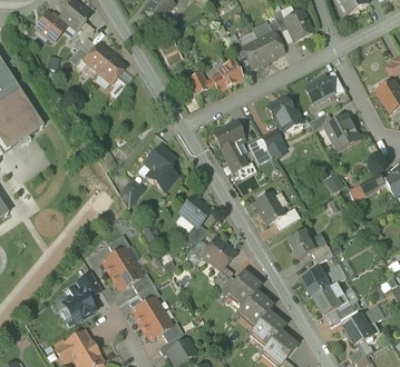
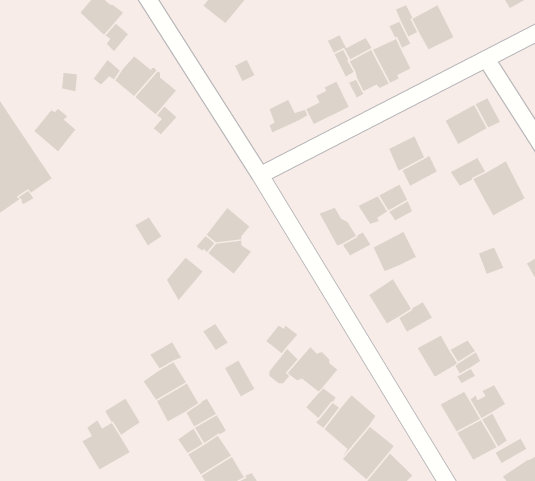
building: [36,12,65,42] -> [33,108,76,153]
building: [213,121,243,149] -> [372,231,417,272]
building: [179,196,209,226] -> none

